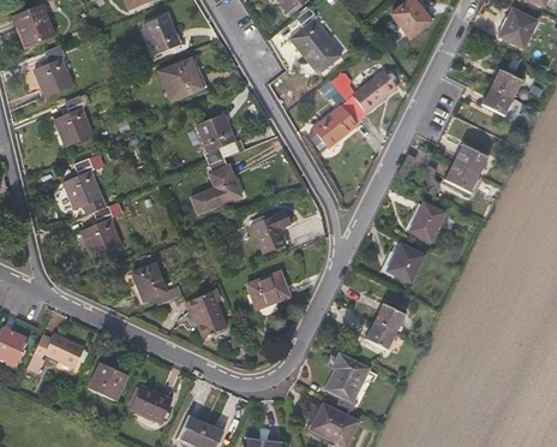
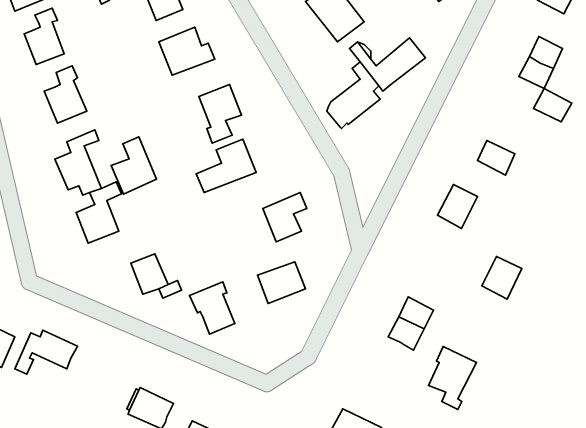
building: [453,144,487,174] -> [533,88,572,122]
building: none -> [111,137,157,194]
building: [387,244,423,282] -> [482,256,522,299]
building: [325,353,369,410] -> [428,347,476,409]
building: [88,363,127,399] -> none

